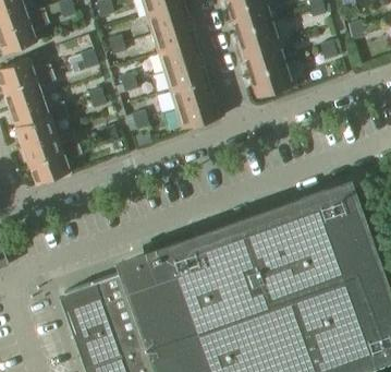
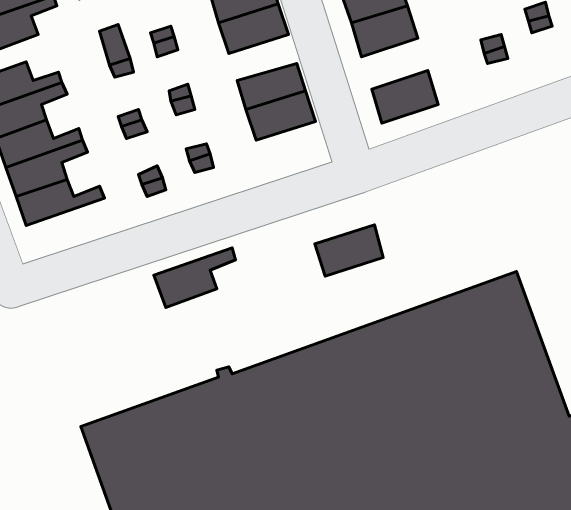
building: [159,40,203,70] -> none
building: [244,43,286,75] -> none
building: [176,96,220,129] -> [315,225,383,276]
building: [29,145,82,183] -> [154,248,236,308]

